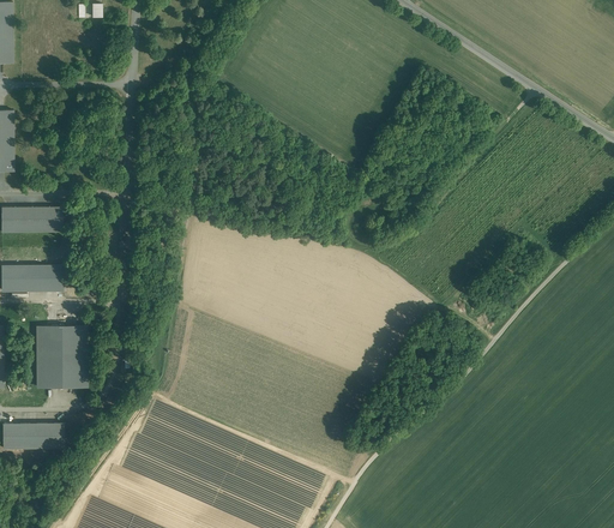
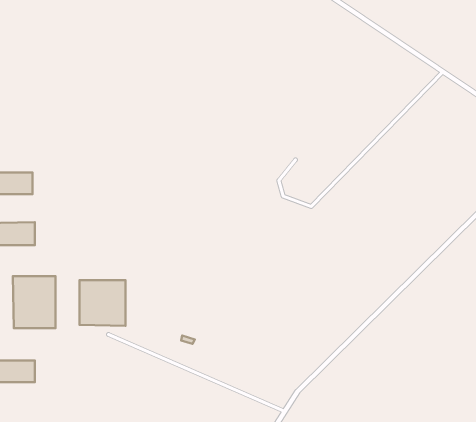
building: none -> [80,280,126,326]

